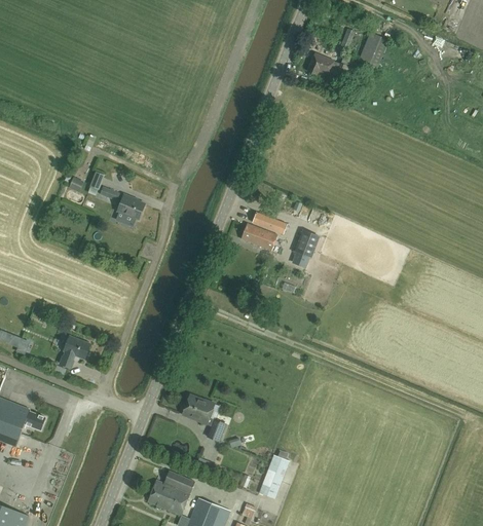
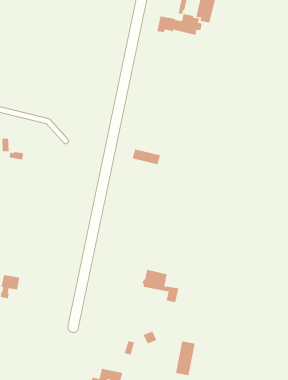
building: [117,194,144,219] -> none
building: [240,223,276,250] -> none
building: [293,229,318,257] -> none
building: [181,393,225,441] -> [142,269,179,303]

